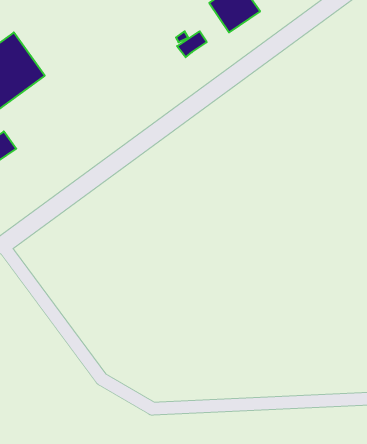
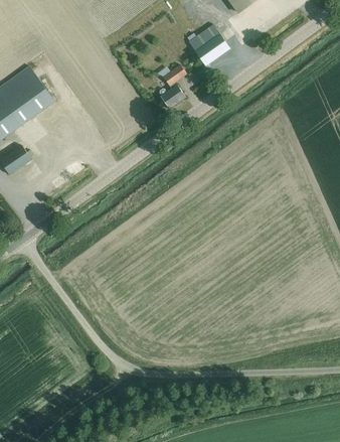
building: none -> [159,81,185,108]

